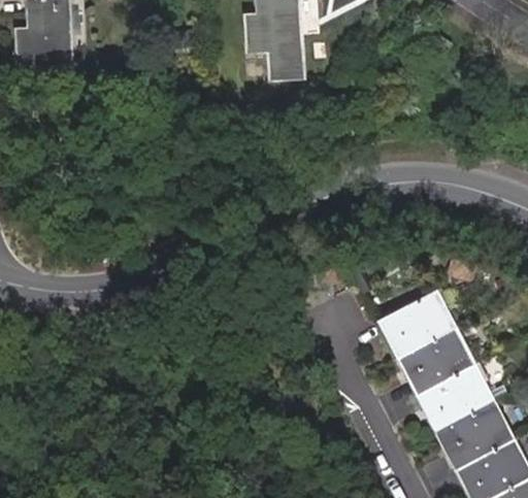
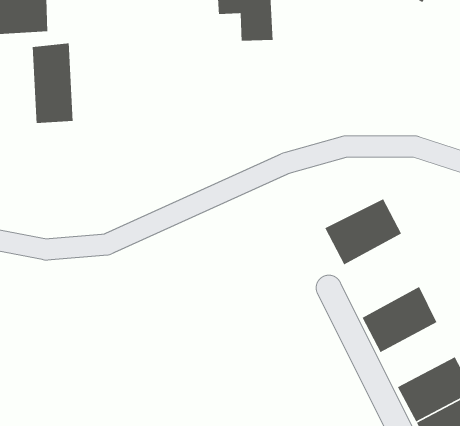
building: none -> [32,43,73,124]
building: [376,292,458,362] -> [324,198,402,265]
building: [417,367,495,434] -> none

